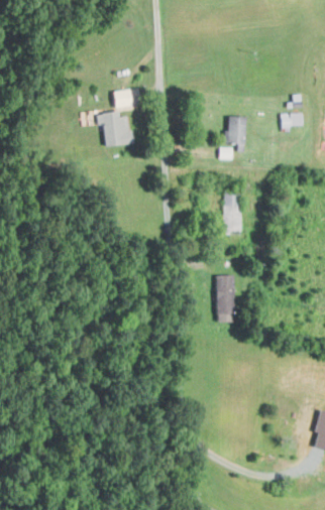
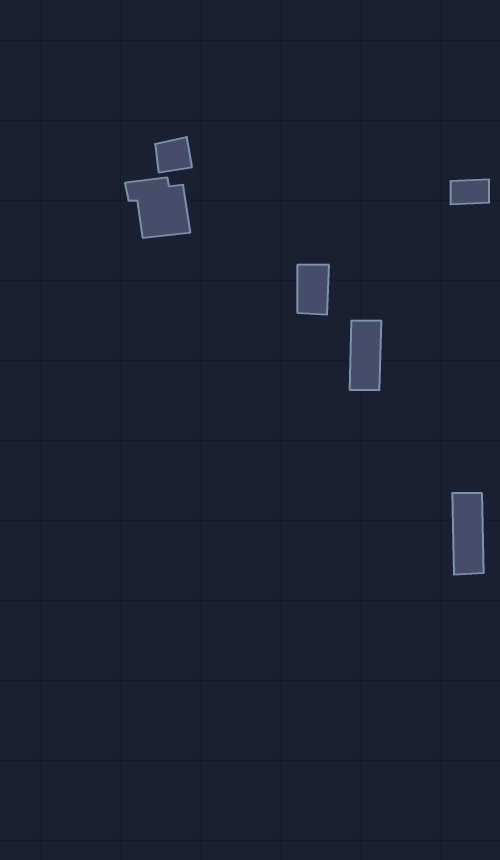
building: [226,117,244,145] -> [297,265,329,314]
building: [216,276,234,323] -> [452,493,484,575]

